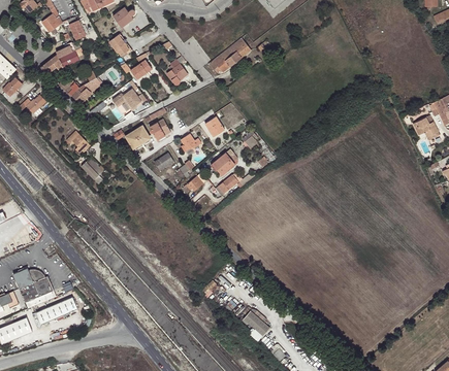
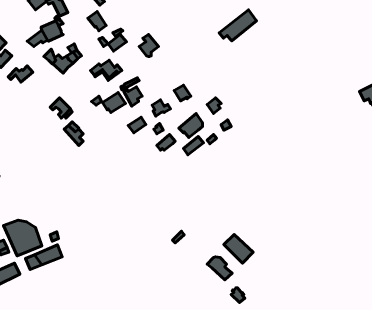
building: [209,37,251,72] -> [219,10,257,41]
building: none -> [224,235,253,263]

